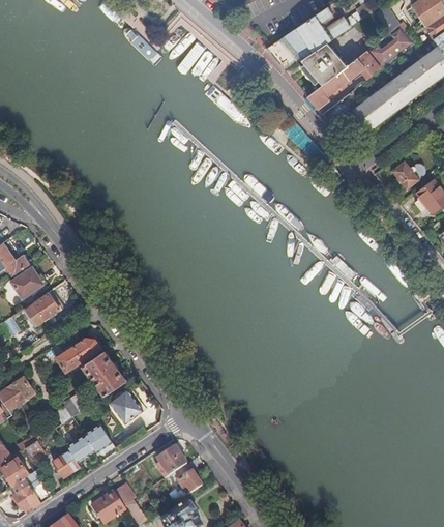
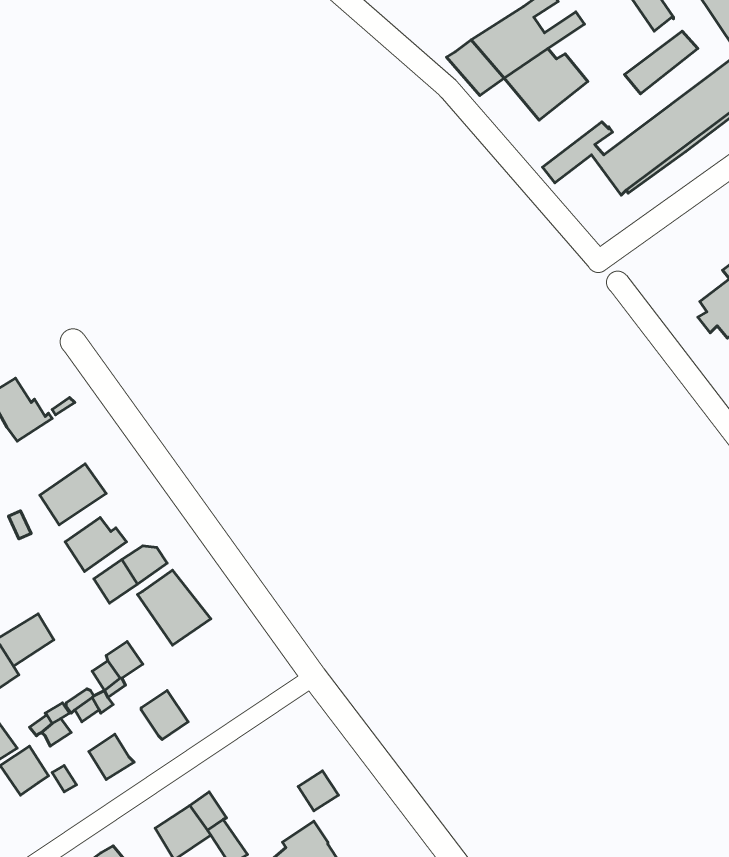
building: [306,50,380,107] -> none
building: [391,160,424,188] -> none
building: [9,266,46,298] -> [65,517,126,572]
building: [109,388,142,422] -> none
building: [66,434,94,462] -> none
building: [155,446,185,477] -> none
building: [11,477,40,513] -> none

